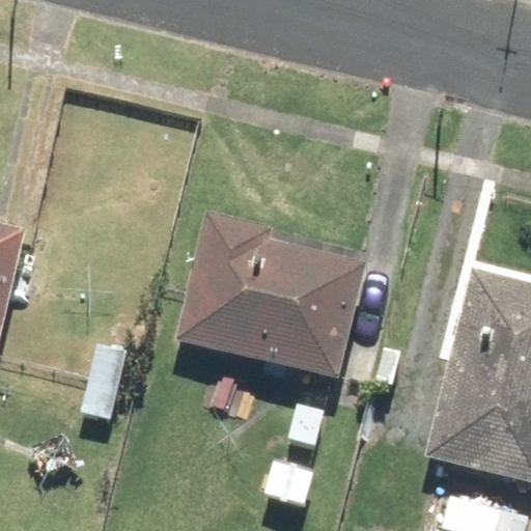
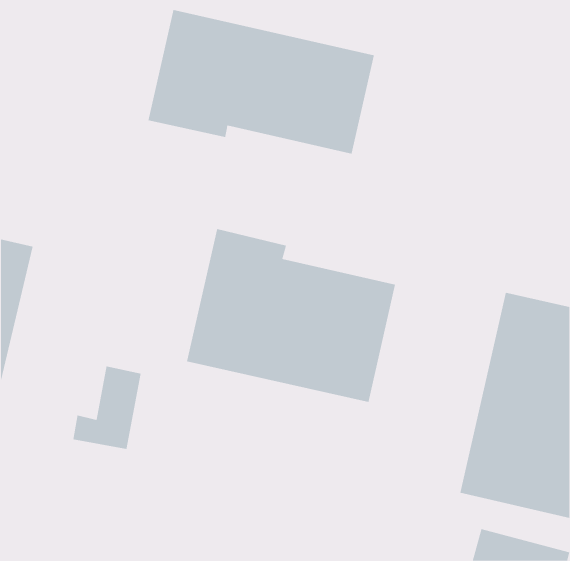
building: none -> [148,9,374,154]

